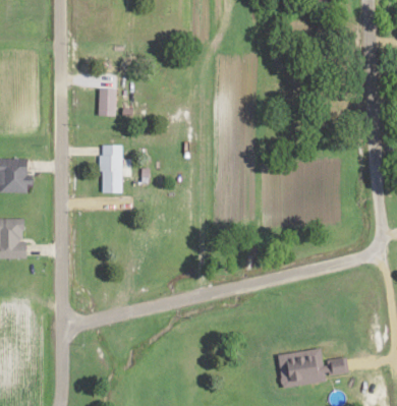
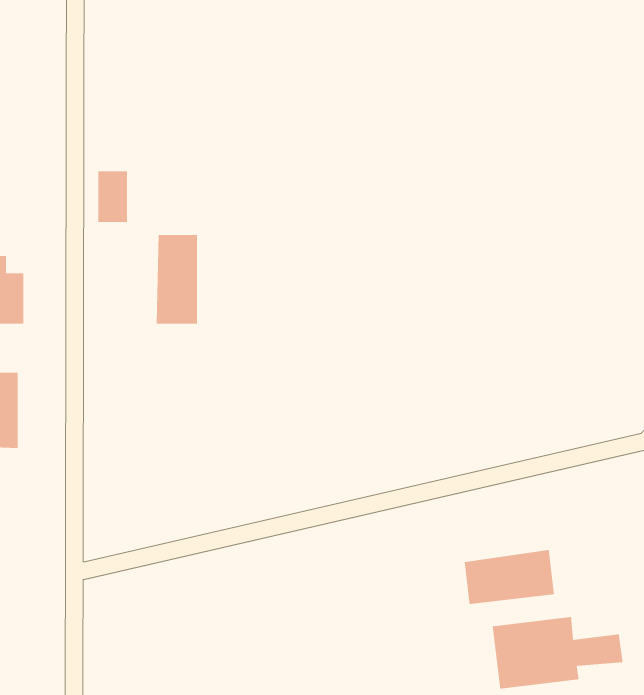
building: [100,89,116,116] -> [97,171,128,222]
building: none -> [464,549,555,605]

